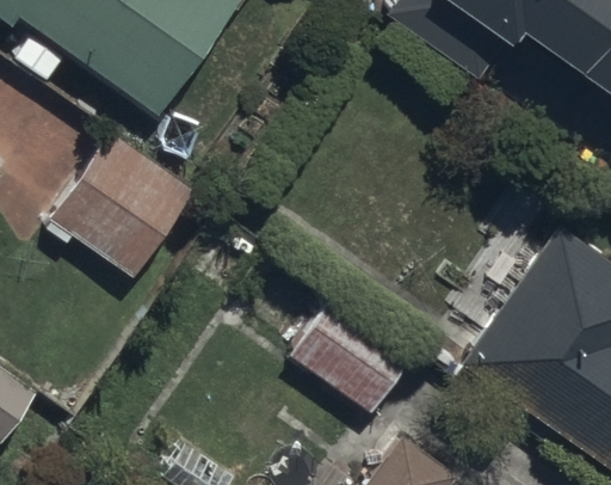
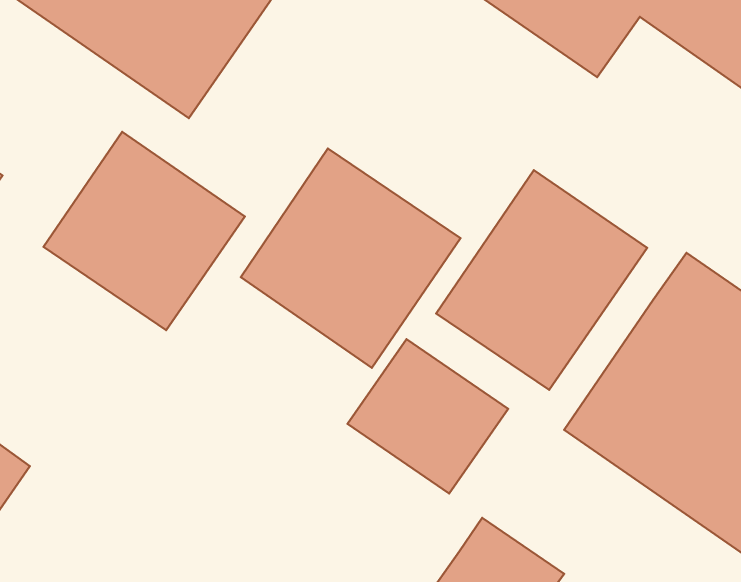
building: none -> [241,148,460,368]
building: none -> [436,170,647,390]

